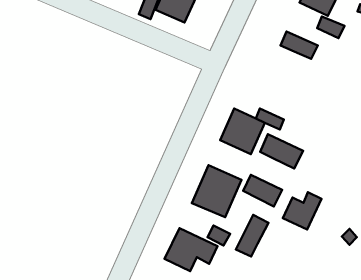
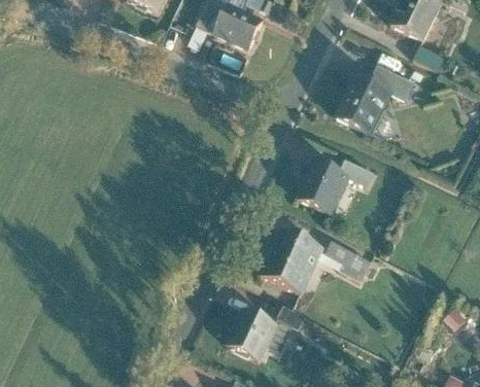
building: none -> [335,76,392,135]
building: [260,134,303,169] -> none
building: [283,192,322,229] -> none
building: [236,215,268,256] -> none

